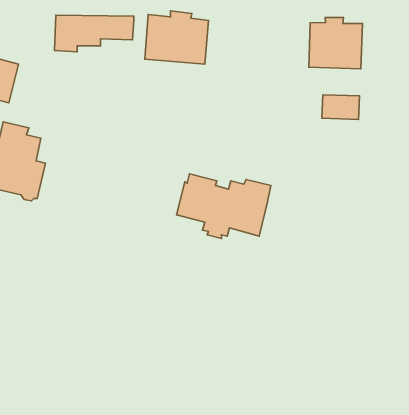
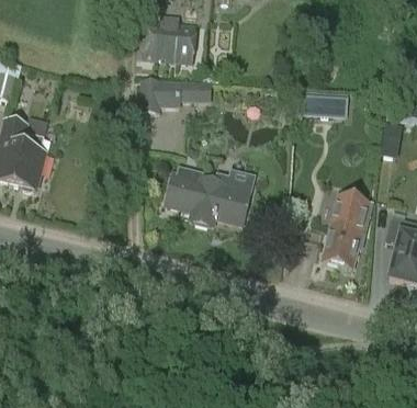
building: [55,15,134,52] -> [138,79,212,113]
building: [309,17,362,69] -> none
building: none -> [323,182,372,268]

